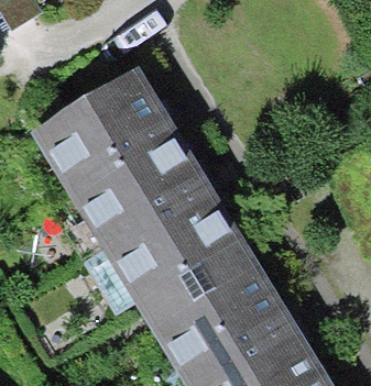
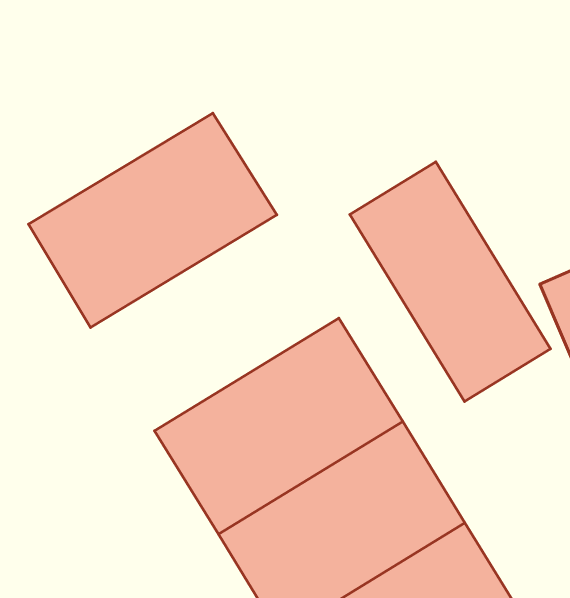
building: none -> [350,162,550,401]
building: [68,129,214,255] -> none

